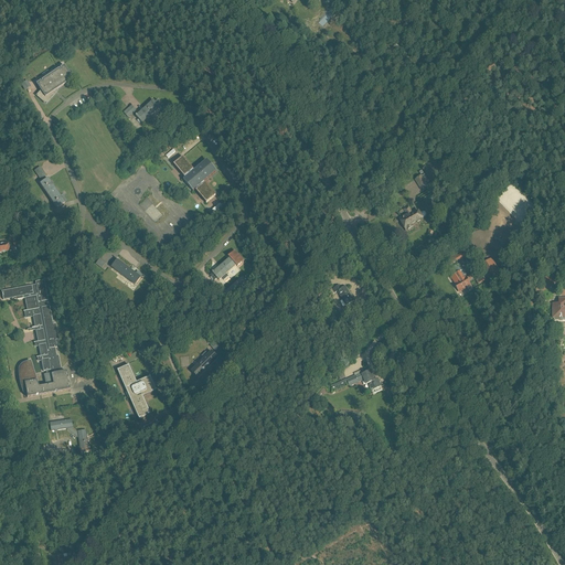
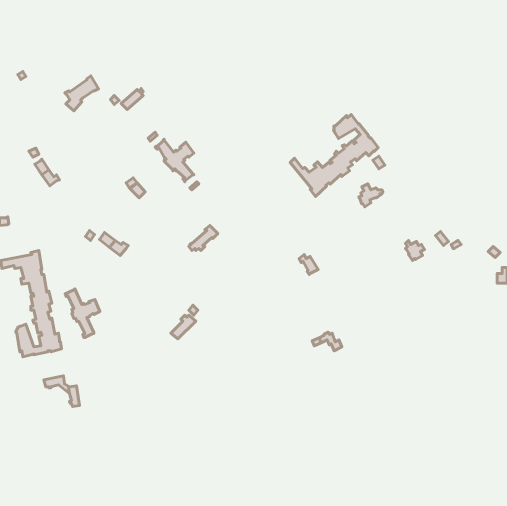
building: [34,63,72,102] -> [65,76,99,111]
building: none -> [290,114,378,196]
building: [117,363,156,417] -> [65,289,100,337]

